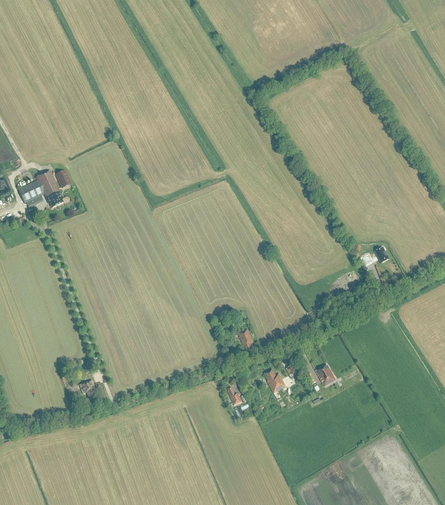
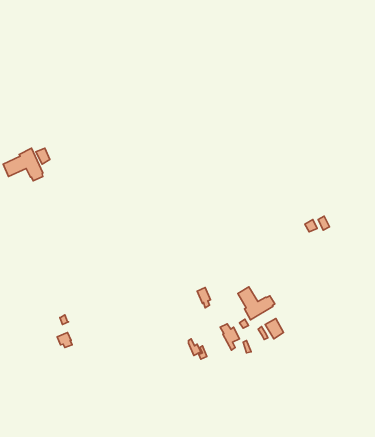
building: none -> [238,287,275,320]

